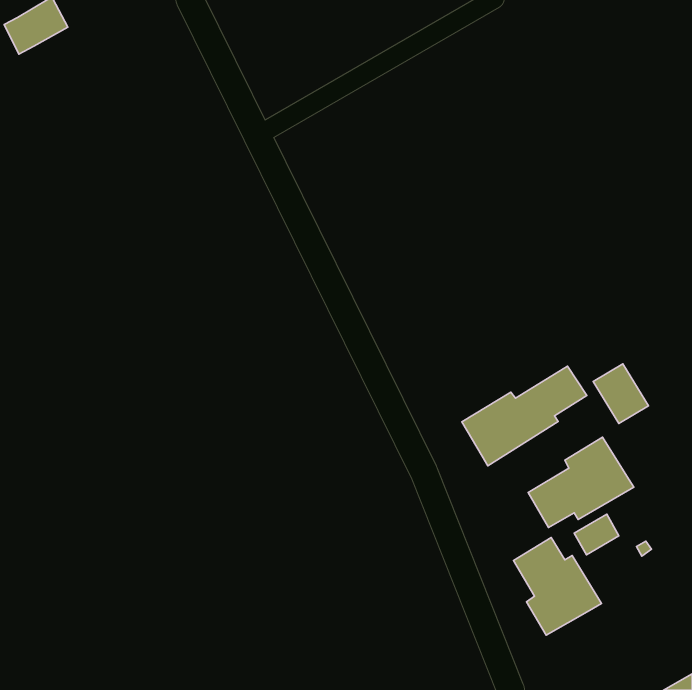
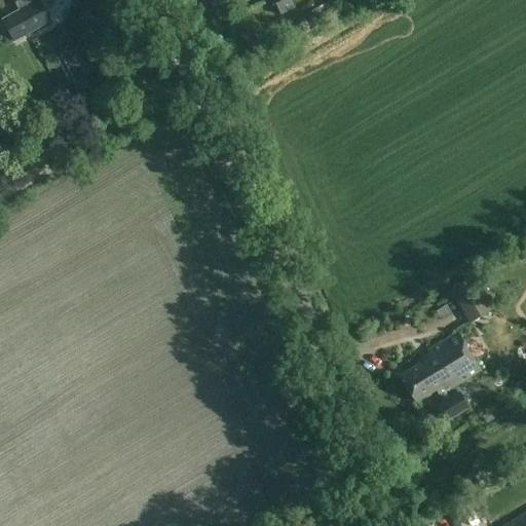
building: [462,366,587,466] -> none
building: [513,538,602,635] -> none

